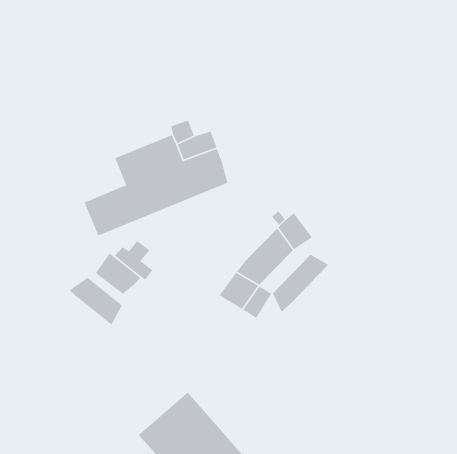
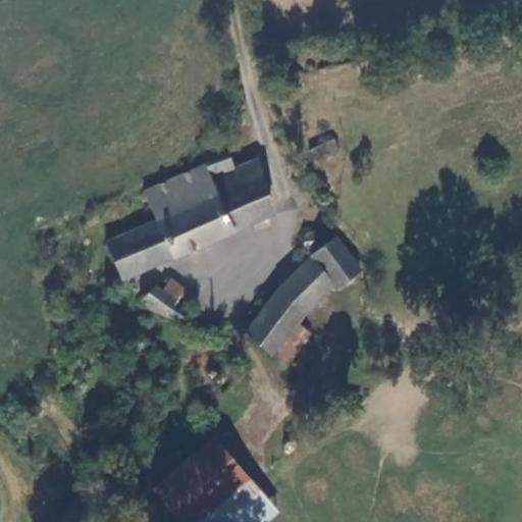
building: [95,252,141,295] -> none
building: [272,254,329,313] -> none
building: [69,277,123,326] -> none

